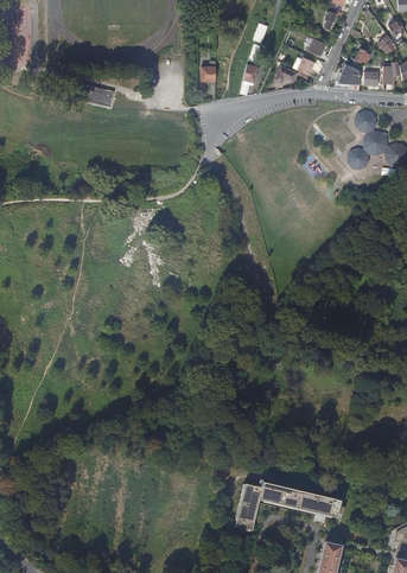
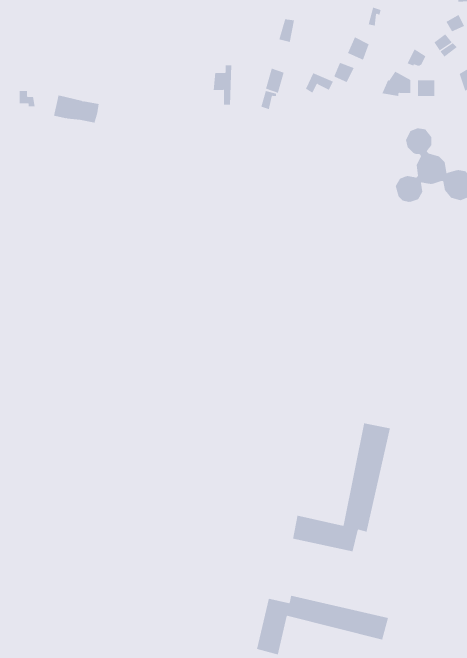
building: none -> [293,423,391,552]

